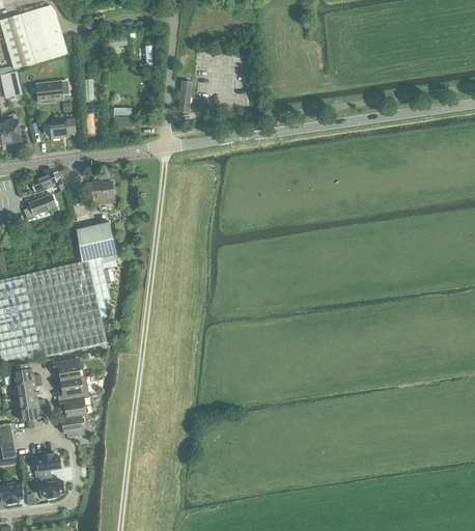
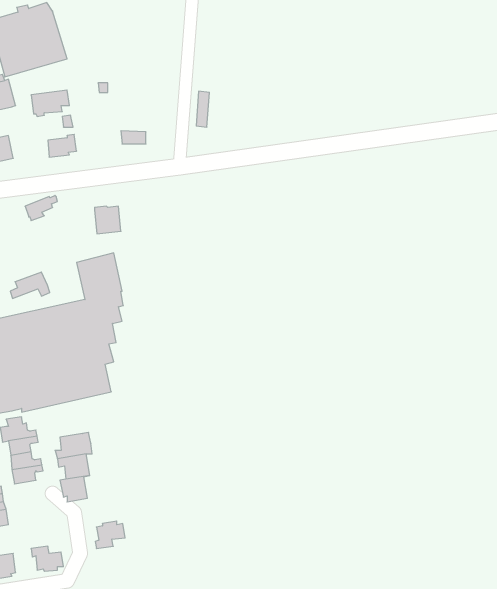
building: [24,194,58,217] -> [10,272,50,298]
building: [52,359,80,381] -> none
building: [34,453,60,477] -> [95,521,125,549]

